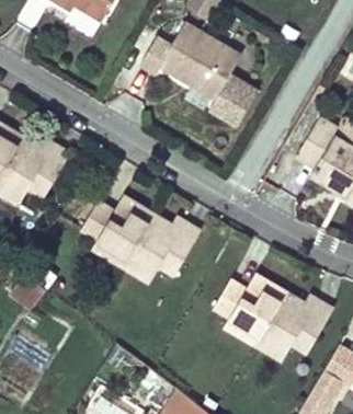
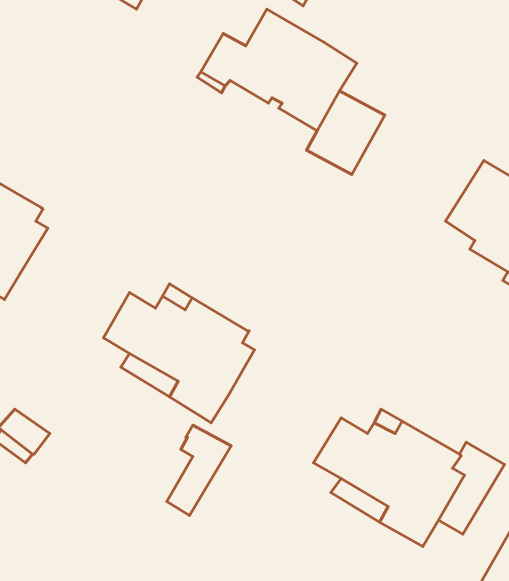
building: [27,139,69,197] -> none
building: [159,217,200,274] -> [167,425,231,516]

